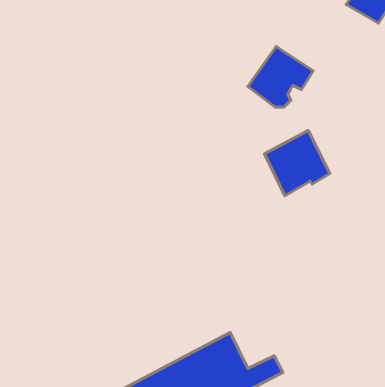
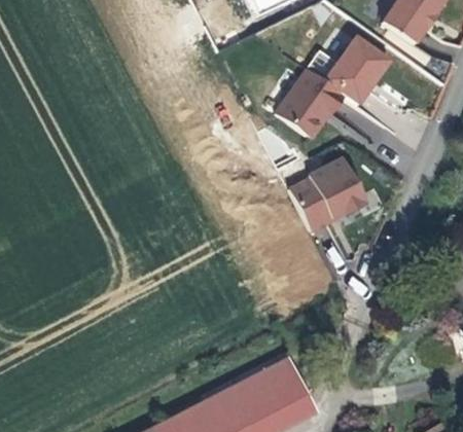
building: none -> [309,37,389,103]
building: none -> [260,357,307,408]

